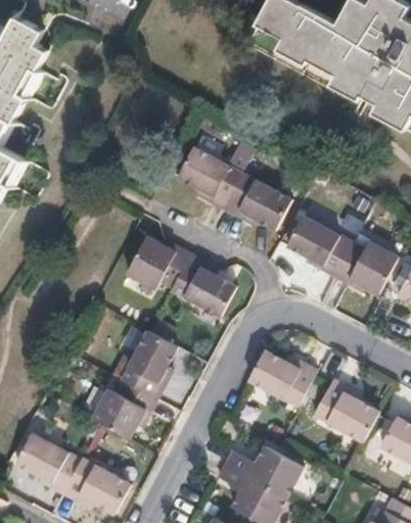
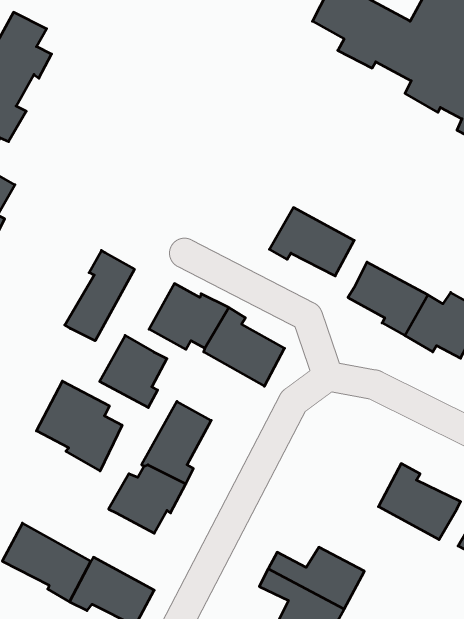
building: [178,144,255,207] -> none
building: none -> [65,250,134,341]
building: none -> [100,335,167,408]
building: none -> [36,381,122,471]
building: [247,350,315,407] -> none

